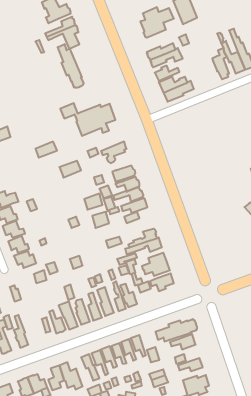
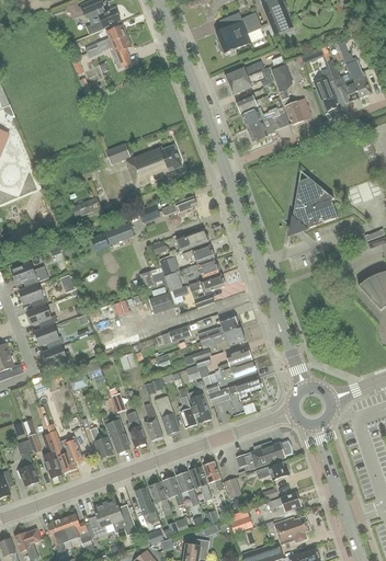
building: [58,44,83,88] -> none
building: none -> [271,64,310,124]
building: none -> [290,176,338,233]
building: none -> [48,430,82,472]

